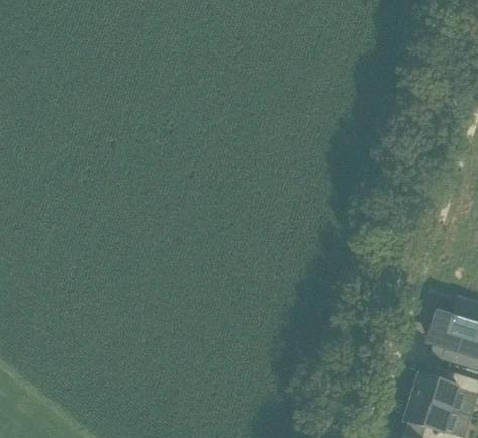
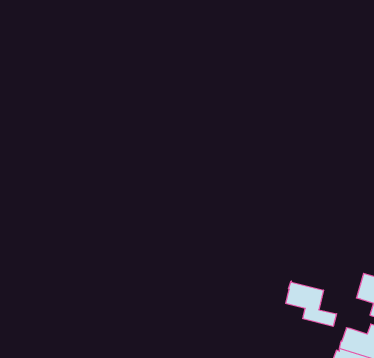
building: none -> [286,281,337,326]

